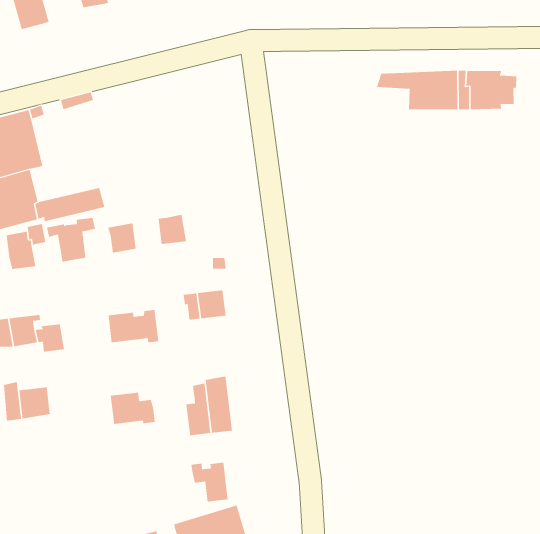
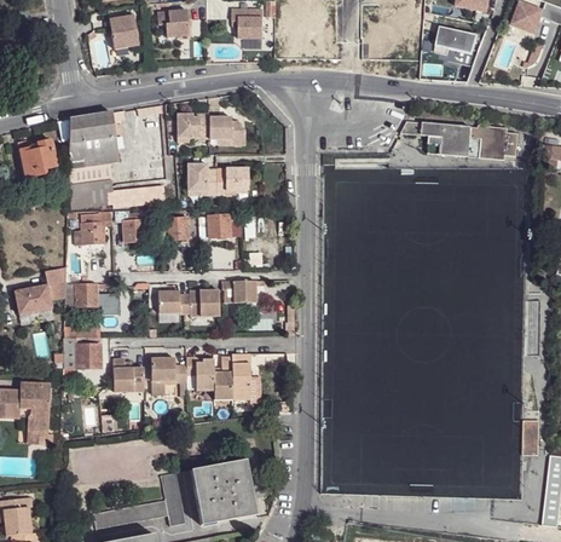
building: none -> [178,113,245,145]
building: none -> [187,163,249,196]
building: none -> [197,290,219,317]
building: none -> [112,358,143,392]
building: [191,462,228,502] -> [185,357,213,390]

